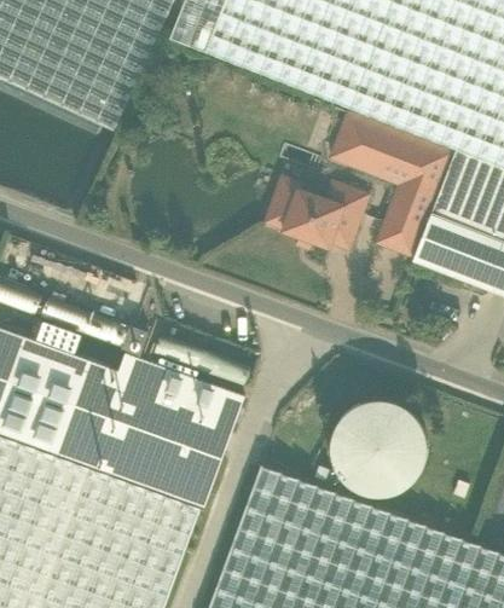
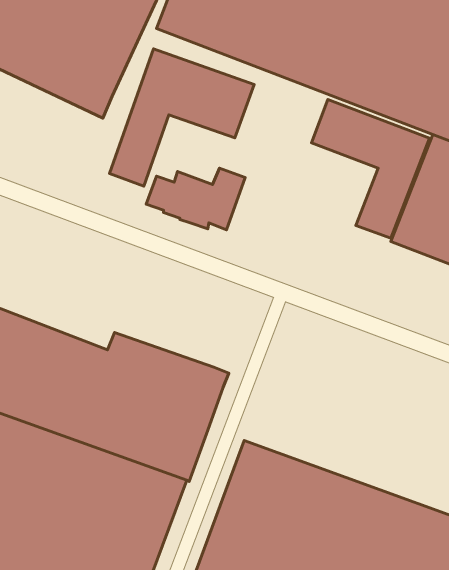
building: none -> [109,49,254,186]
building: [266,184,369,248] -> [146,168,245,230]
building: [312,386,422,499] -> none

